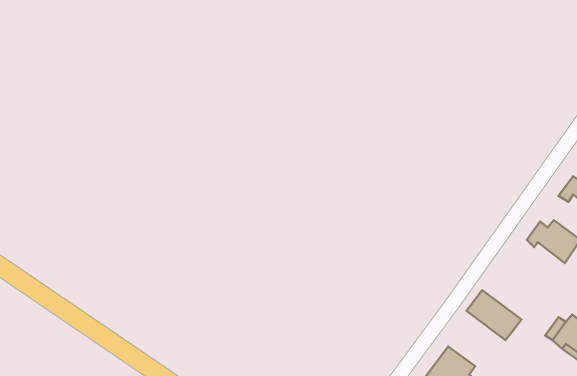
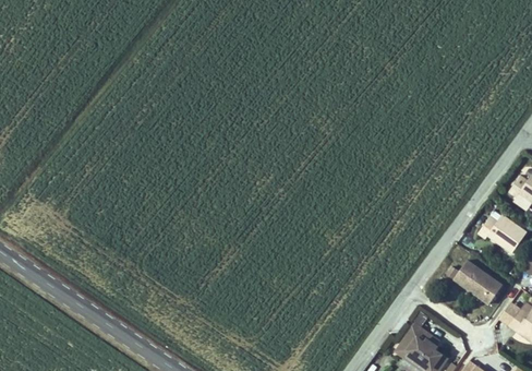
building: [466,290,522,340] -> [456,255,505,300]

